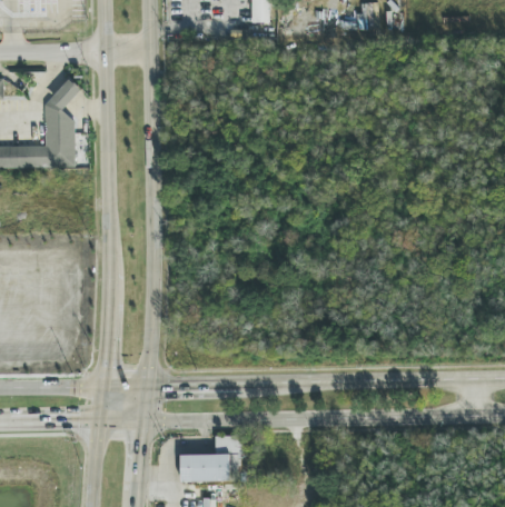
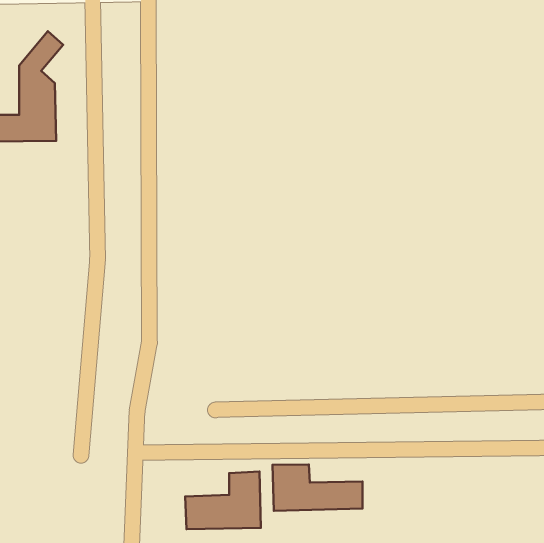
building: none -> [273,464,362,511]

